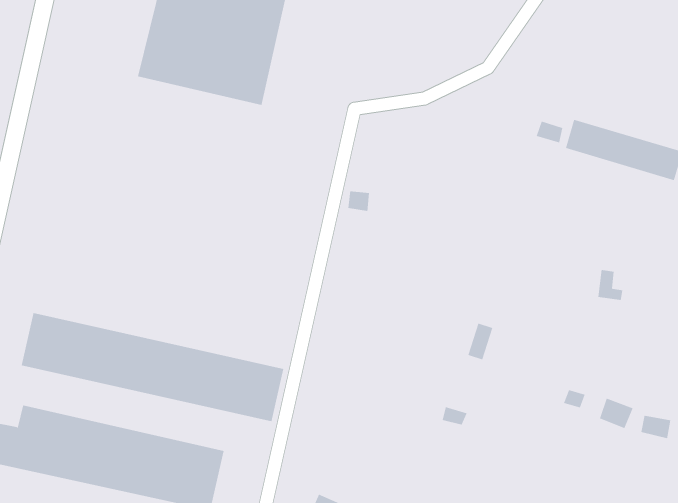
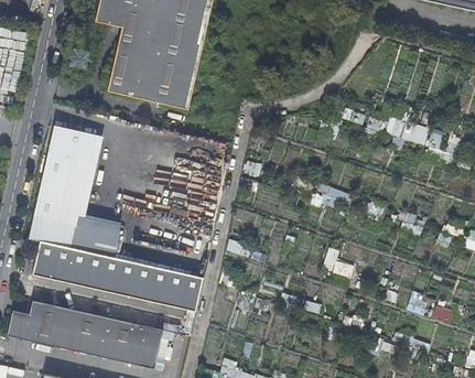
building: none -> [28,123,122,257]

